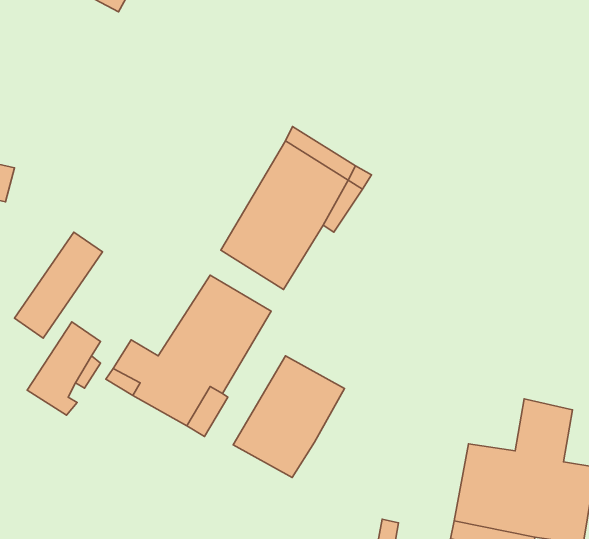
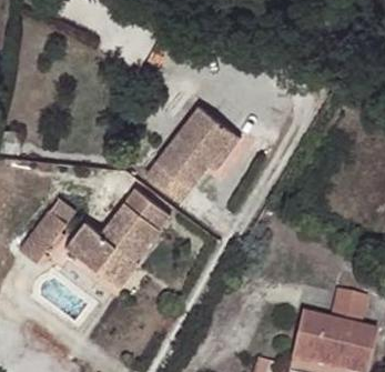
building: [233,356,345,477] -> none

